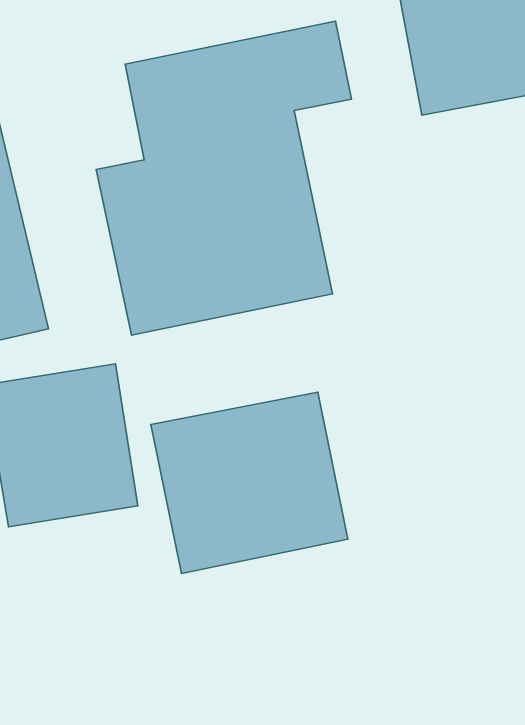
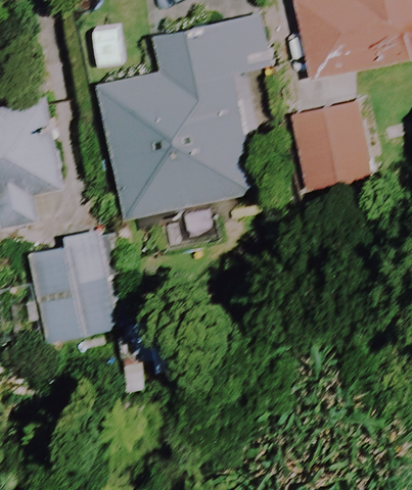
building: none -> [289,103,371,189]
building: [151,392,348,574] -> none

